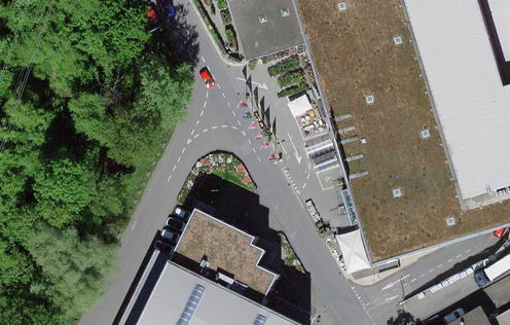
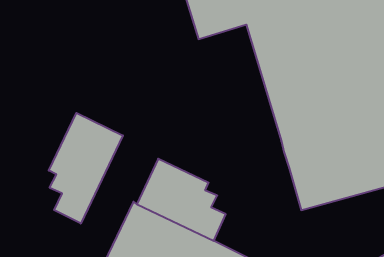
building: none -> [49,113,123,224]

